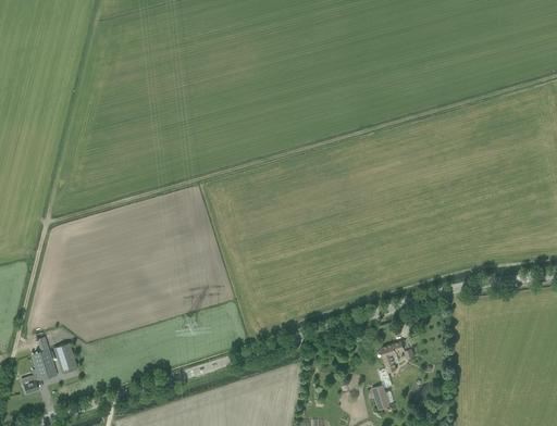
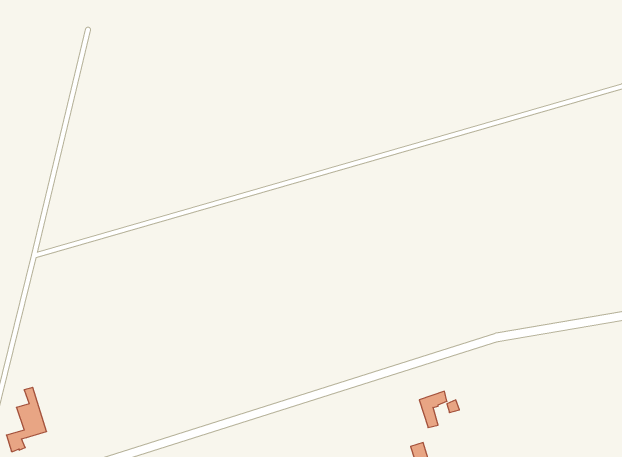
building: [53,342,78,373] -> none

